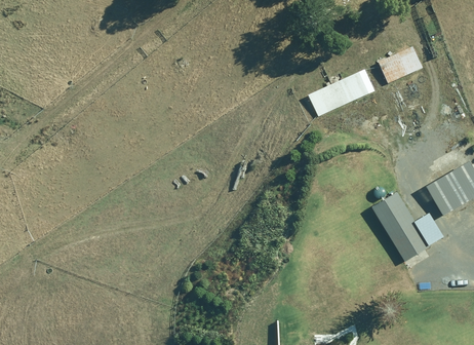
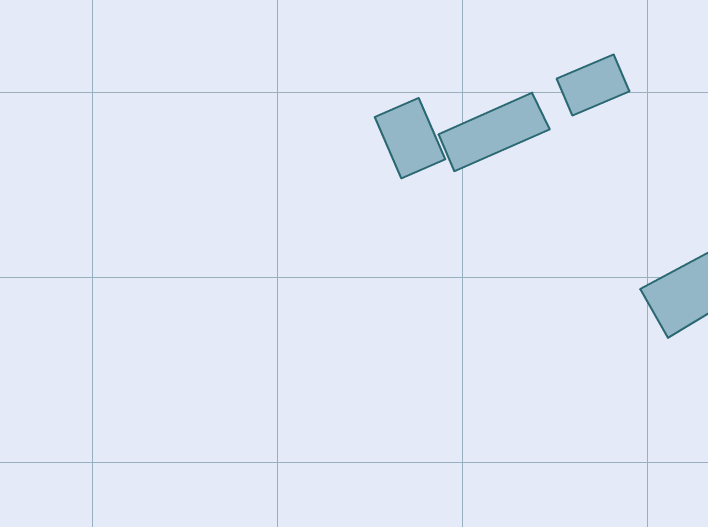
building: none -> [375,98,445,178]
building: [371,192,443,261] -> none

